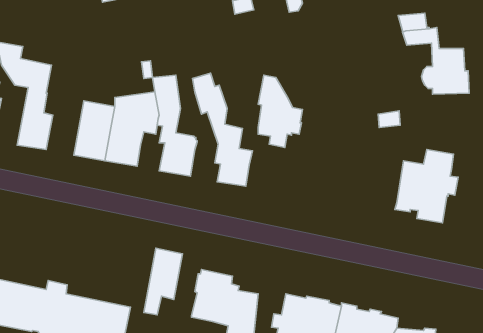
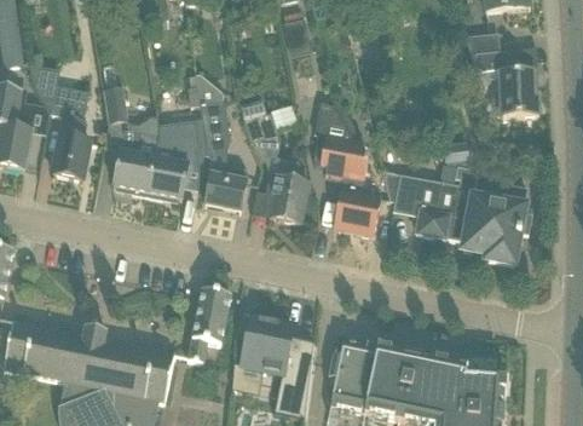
building: none -> [102,85,126,126]
building: none -> [333,154,380,237]
building: none -> [381,163,475,241]

